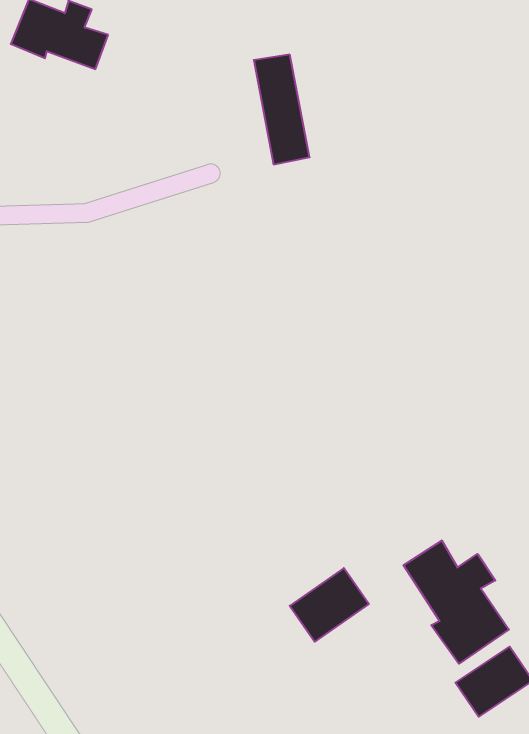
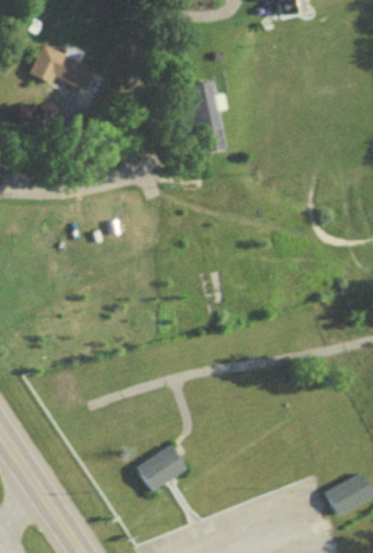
building: [403,540,509,664] -> none
building: [290,568,369,642] -> [134,443,186,491]

